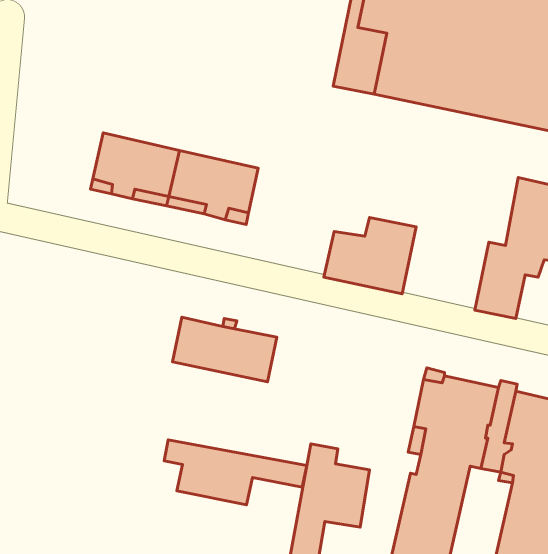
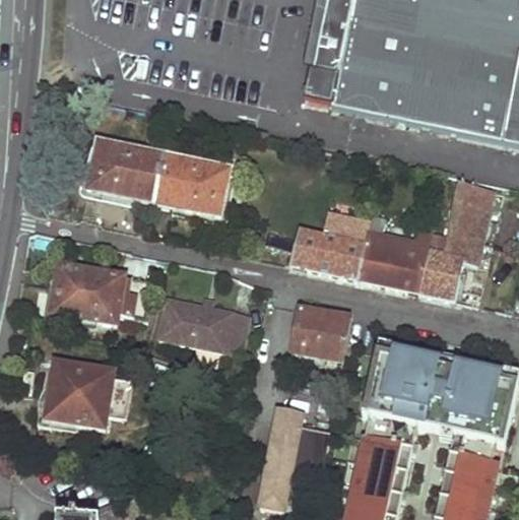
building: none -> [358,213,433,291]
building: none -> [56,265,153,324]
building: none -> [290,308,350,362]
building: none -> [51,362,131,429]
building: [164,440,307,505] -> none

